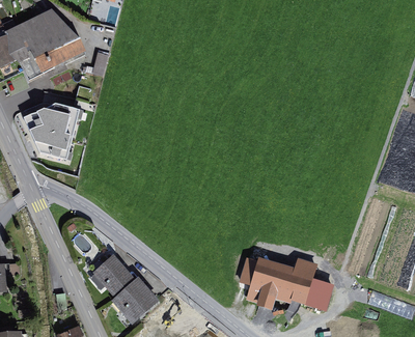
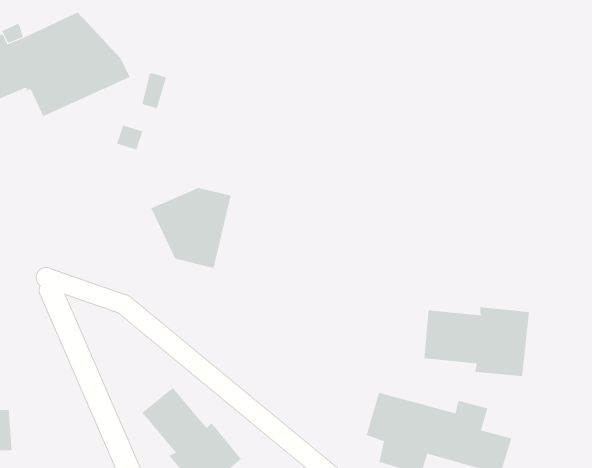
building: [24,106,77,159] -> [151,187,232,269]
building: none -> [424,306,529,377]

